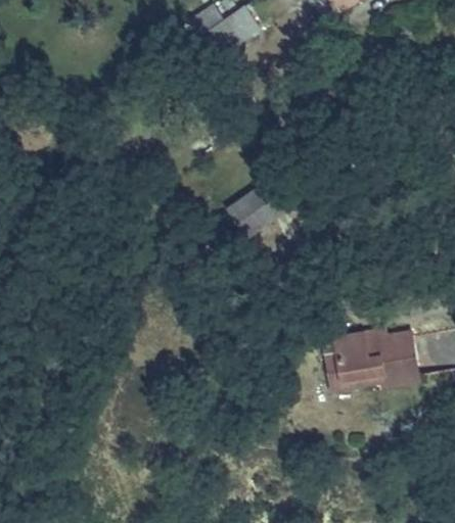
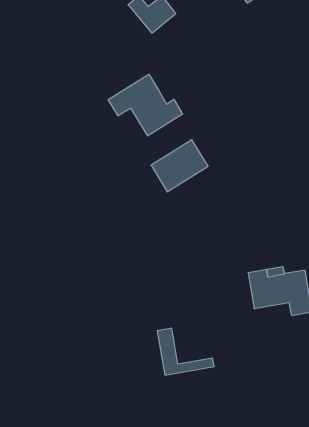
building: none -> [108,74,183,136]
building: [324,336,393,392] -> [157,328,214,375]

